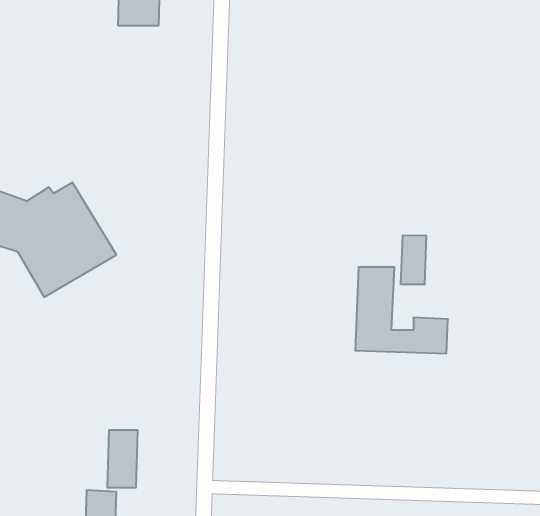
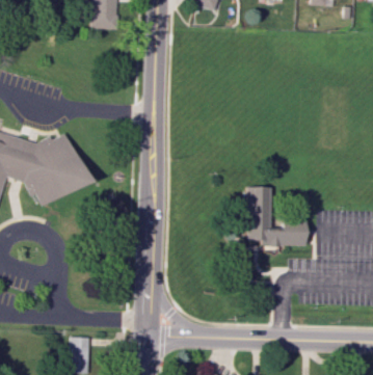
building: [401,235,426,285] -> none
building: [108,430,137,488] -> none

